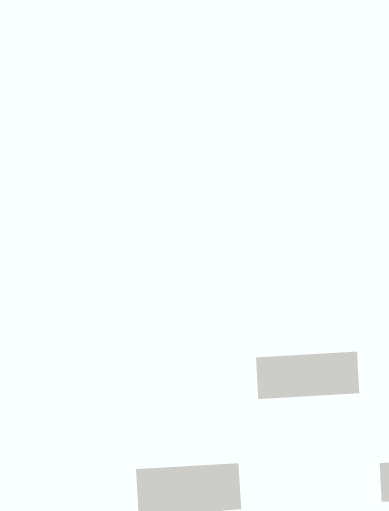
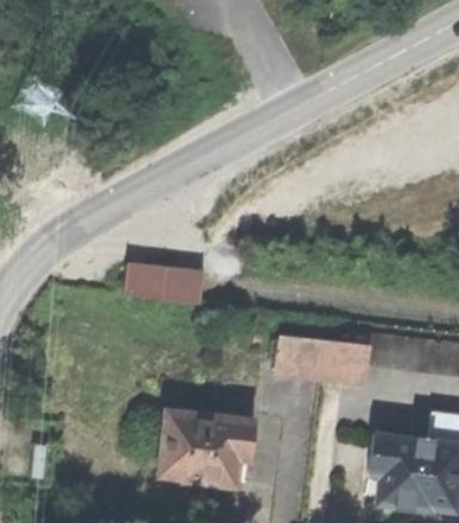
building: none -> [121,257,200,296]

